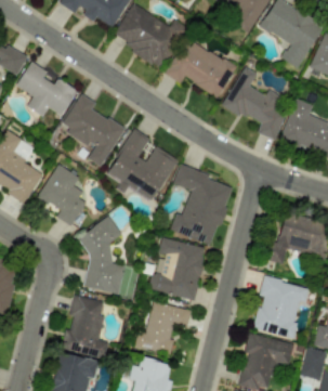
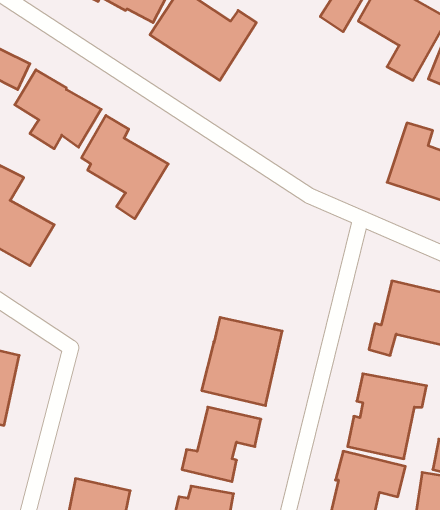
building: [165,38,236,97] -> none
building: [222,66,291,140] -> none
building: [106,128,178,200] -> none
building: [37,164,86,226] -> none
building: [169,167,233,246] -> none
building: [77,216,126,296] -> none
building: [61,296,108,359] -> none

